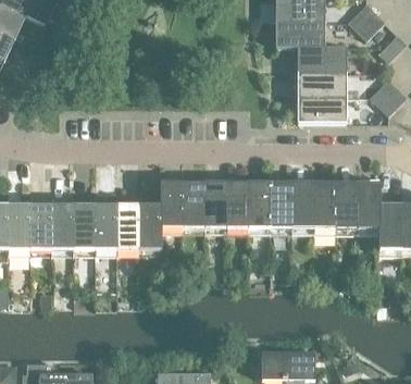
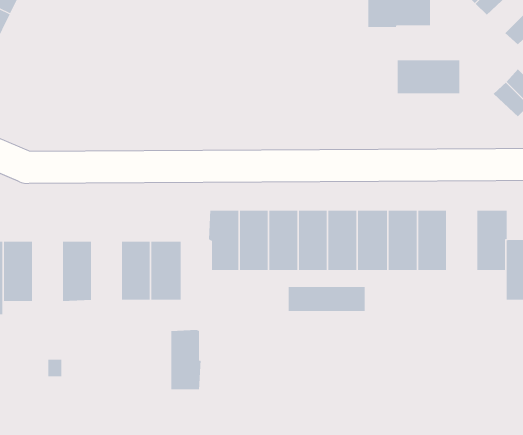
building: [298,47,345,72] -> none
building: [298,97,345,123] -> none
building: [335,183,357,227] -> none
building: [139,205,162,249] -> [170,329,201,390]
building: [29,206,51,250] -> none
building: [73,206,95,249] -> none
building: none -> [288,286,365,312]

